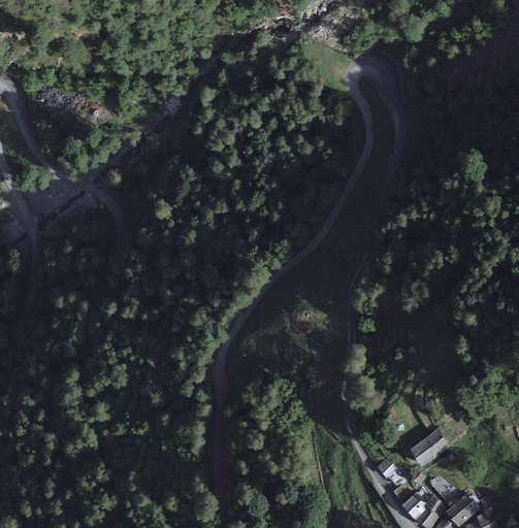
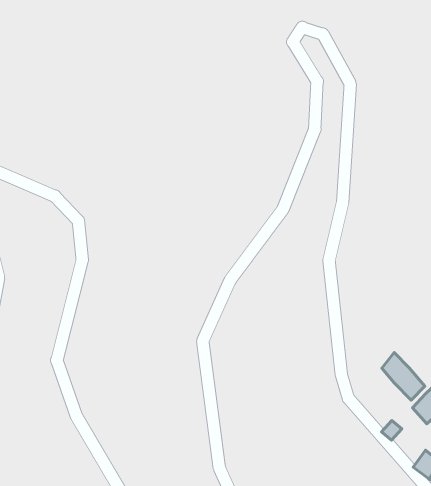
building: none -> [382,352,425,400]

